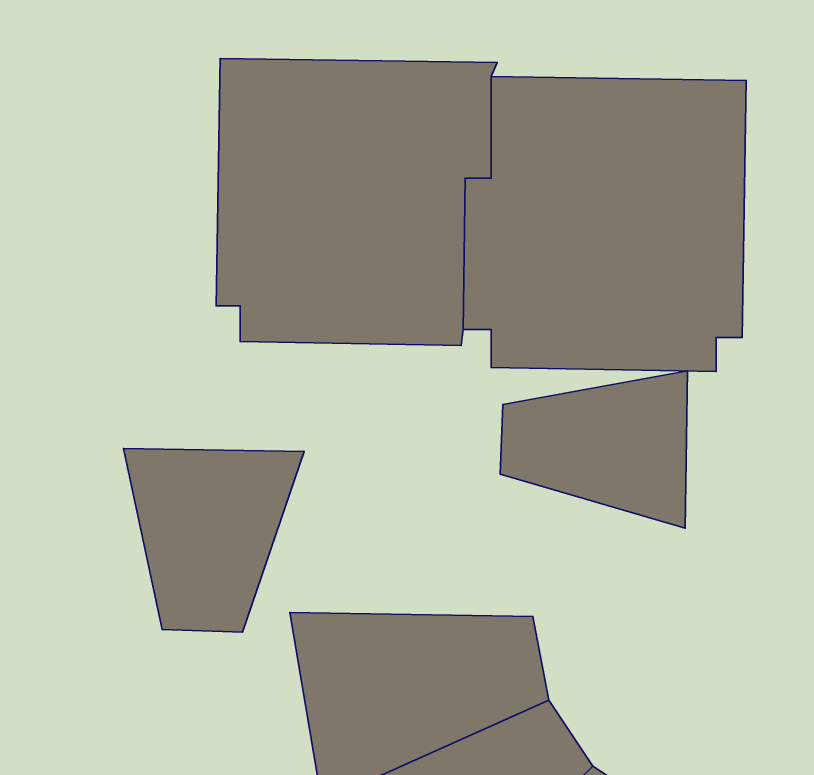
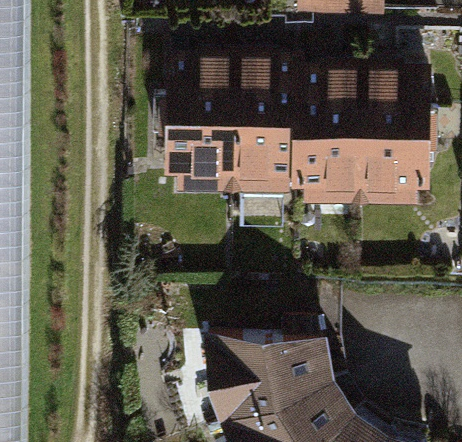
building: [500,371,688,528] -> none
building: [123,448,304,632] -> none

